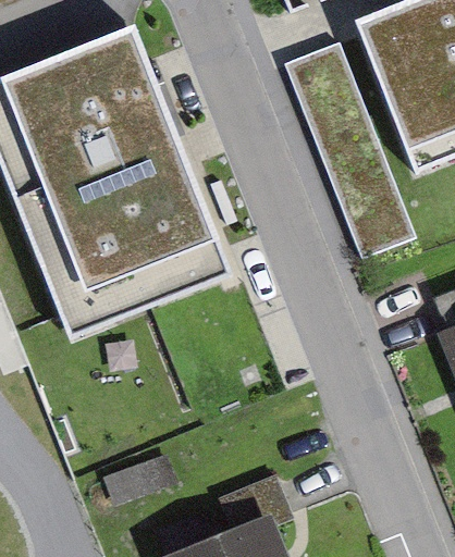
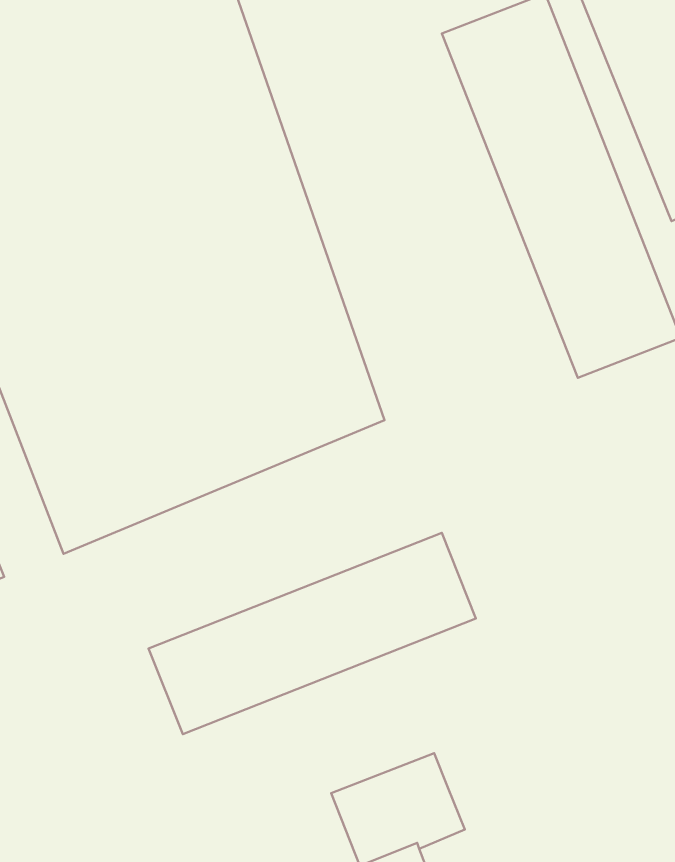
building: none -> [149,533,476,734]

